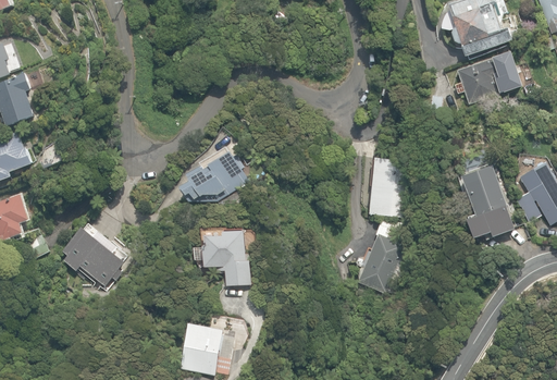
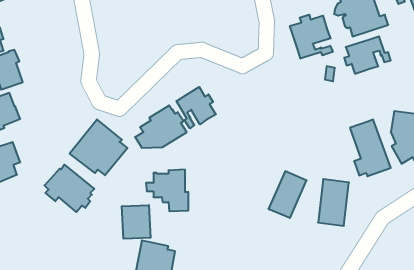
building: none -> [290,15,333,59]
building: none -> [176,87,216,128]
building: [368,157,408,218] -> [318,179,349,226]
building: none -> [70,119,127,175]
building: none -> [122,205,151,239]

